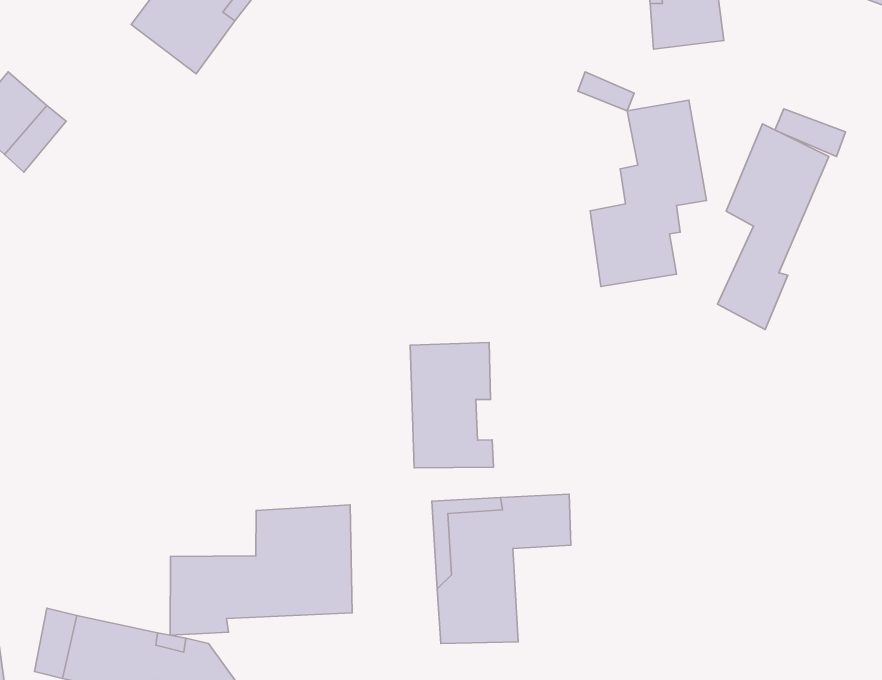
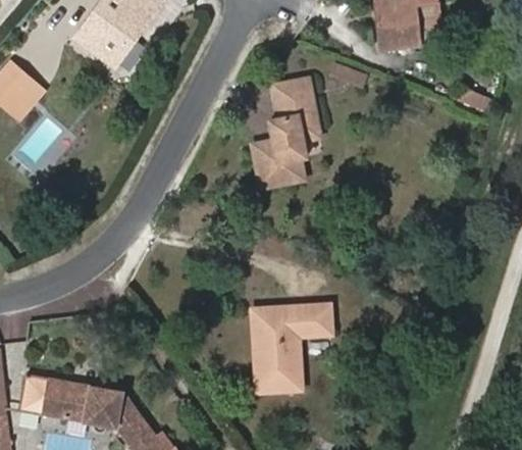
building: [590,100,706,287] -> [255,78,322,186]
building: [717,124,829,329] -> none
building: [410,342,494,468] -> none
building: [170,505,352,635] -> none

